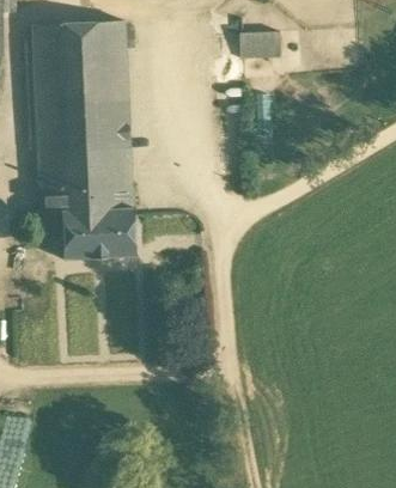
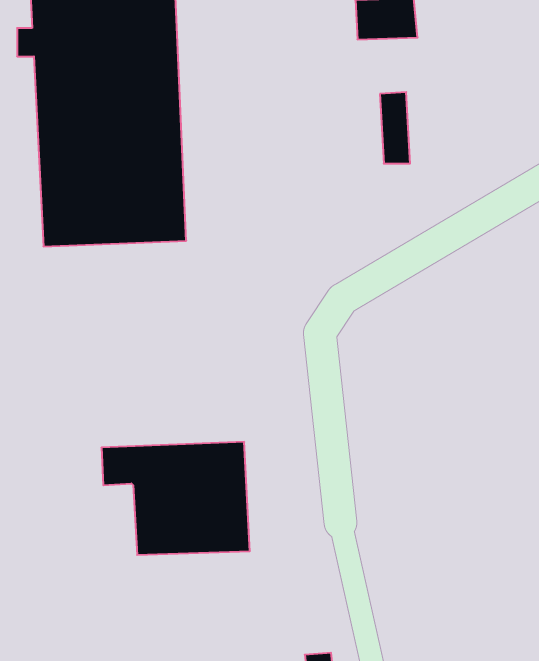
building: [41,185,135,257] -> [101,442,250,555]

